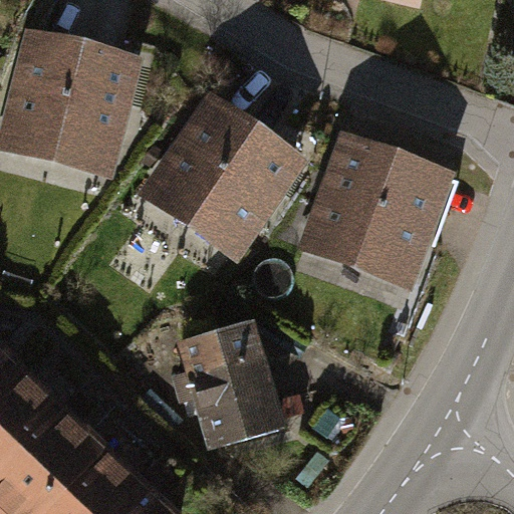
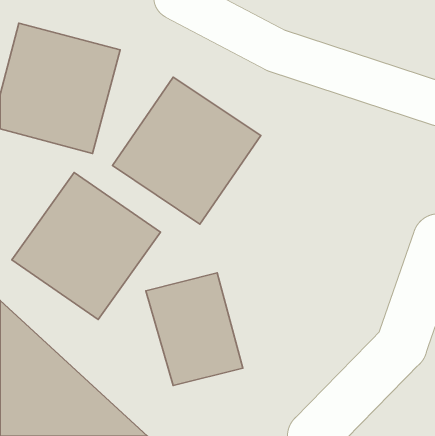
building: [295,131,454,290] -> none
building: none -> [12,172,160,319]

